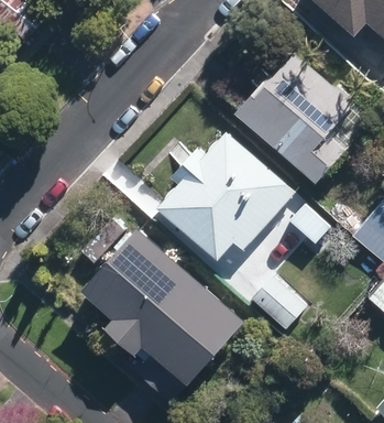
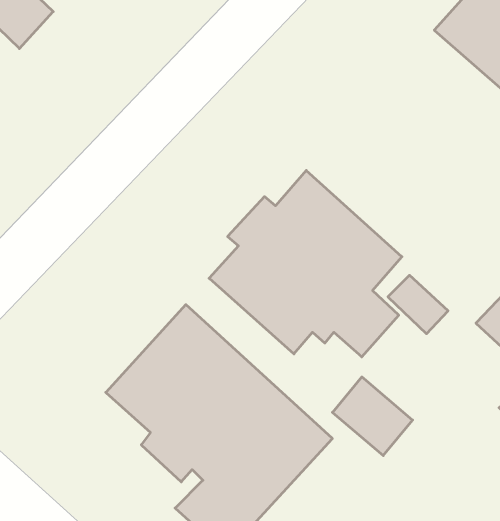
building: [238,52,352,184] -> none

